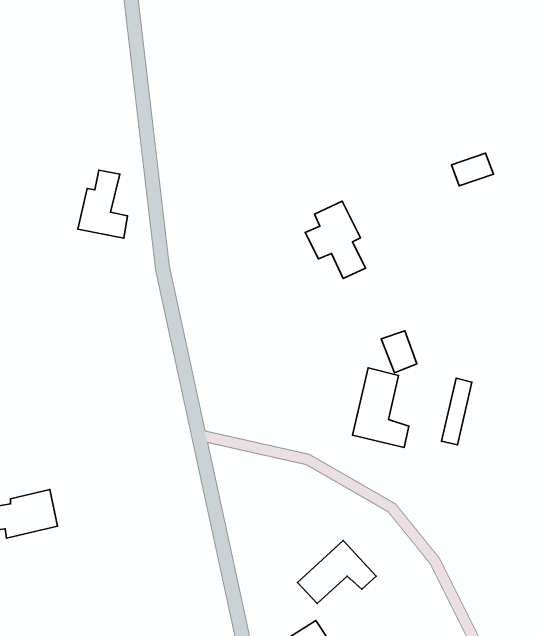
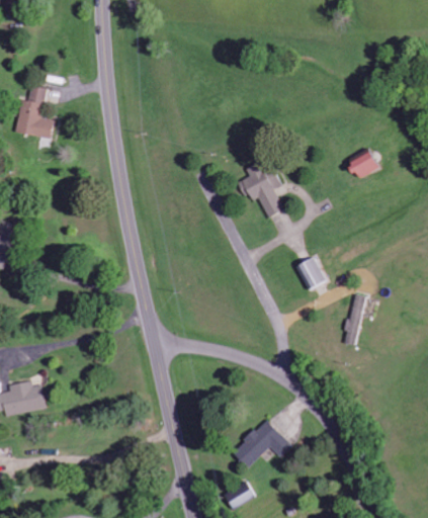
building: [451,153,493,186] -> [344,153,376,178]
building: [78,170,128,238] -> [15,85,54,138]
building: [353,368,409,447] -> none

